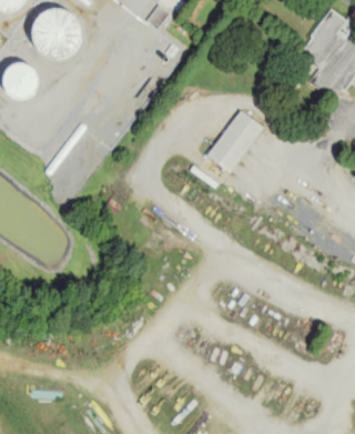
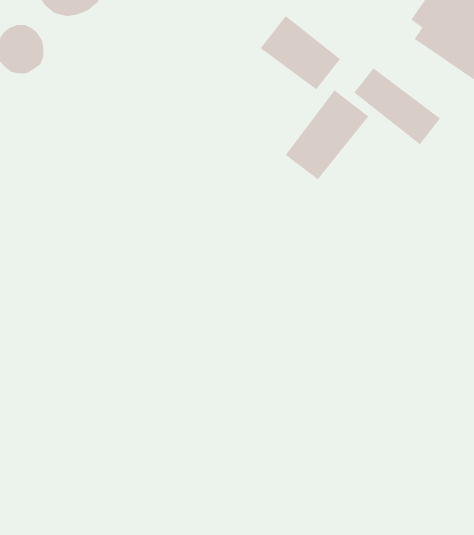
building: none -> [260,15,341,90]
building: none -> [353,68,441,145]

